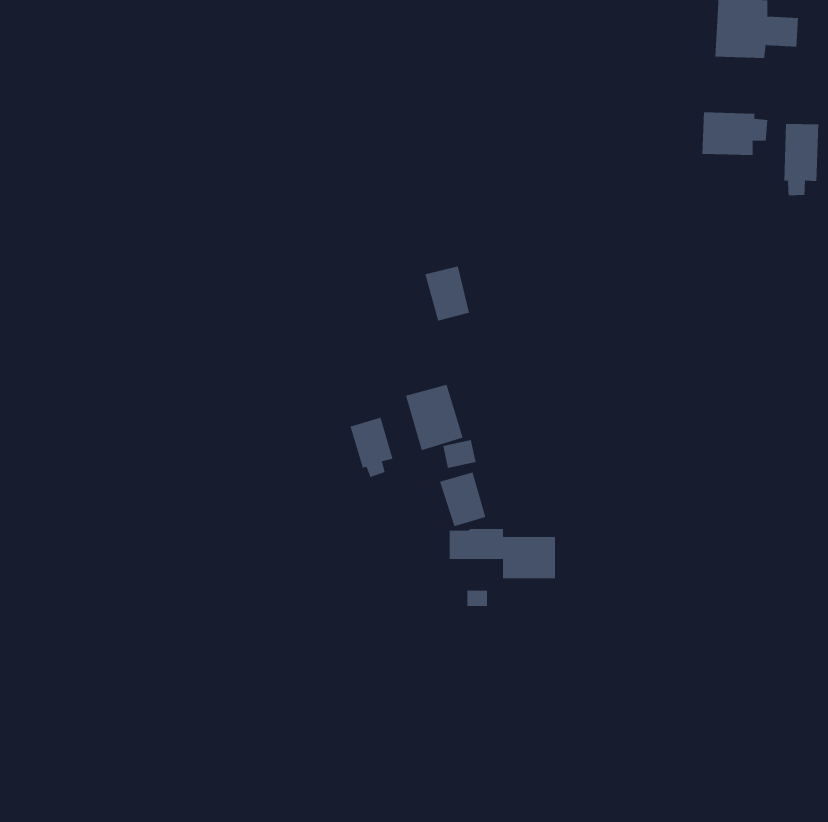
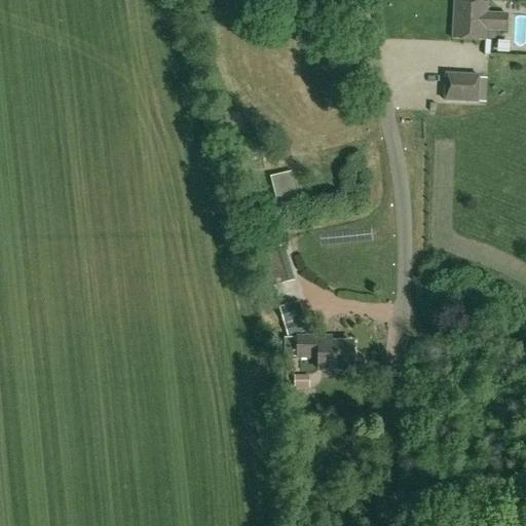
building: [784,123,819,196] -> none
building: [350,417,393,478] -> none

